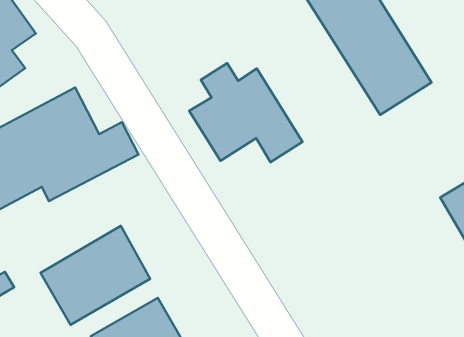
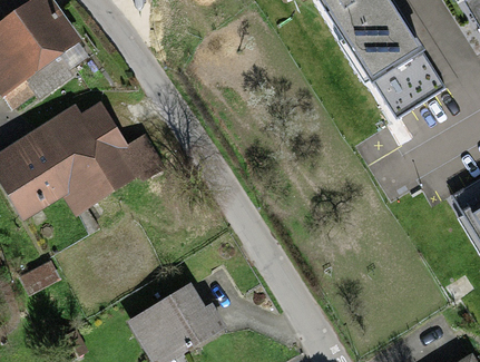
building: [189,63,303,162] -> none
building: [40,226,150,325] -> none

